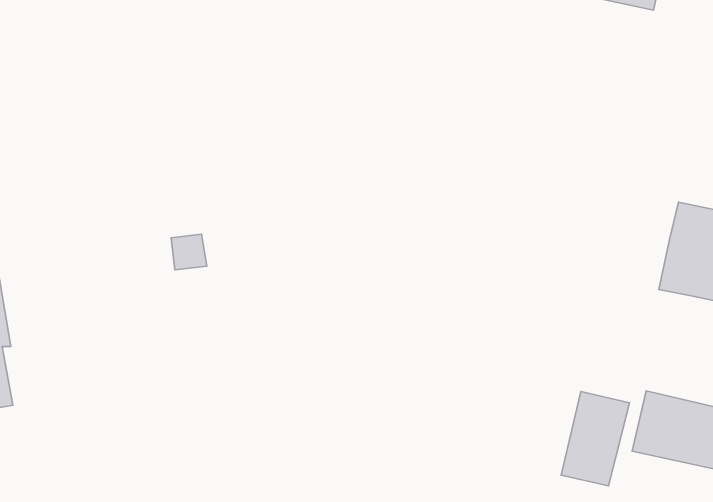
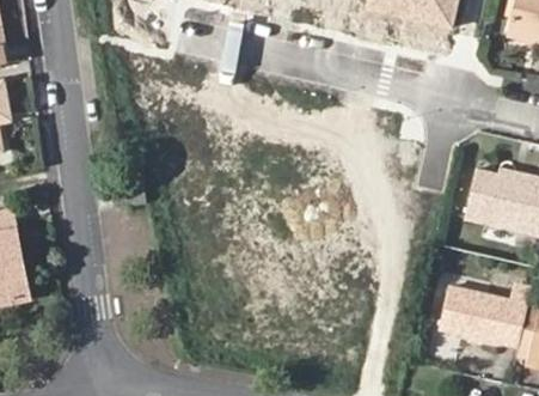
building: [561,391,630,486] -> none

